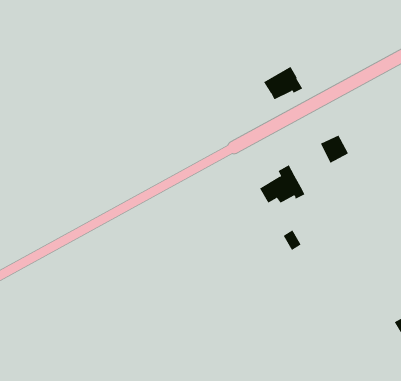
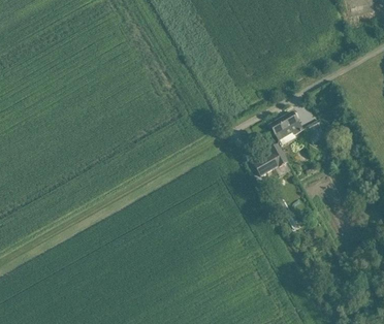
building: [263,66,303,101] -> [270,109,303,138]

